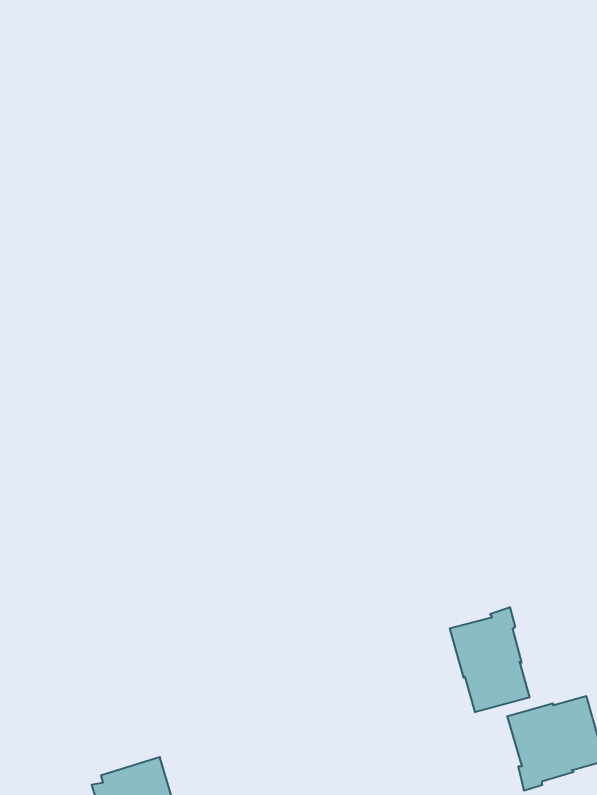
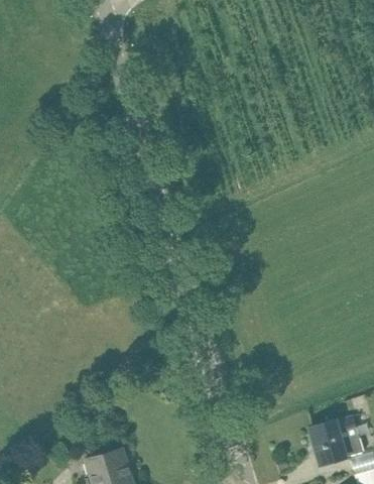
building: [450,607,529,712] -> none

